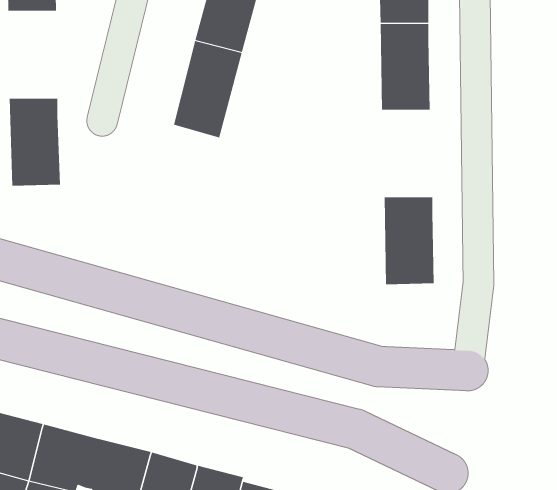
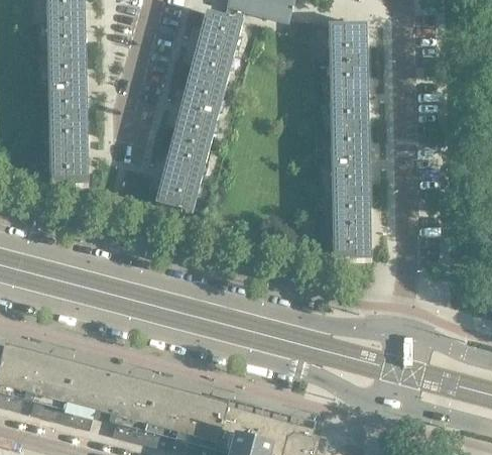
building: none -> [47,53,86,119]
building: none -> [330,128,369,194]
building: none -> [155,139,208,212]

